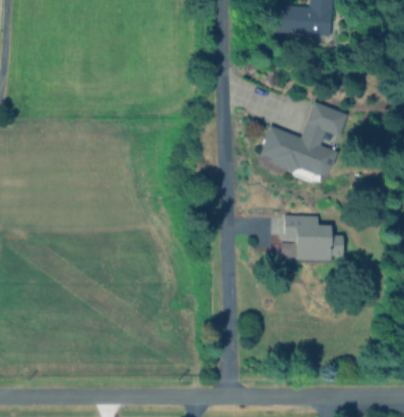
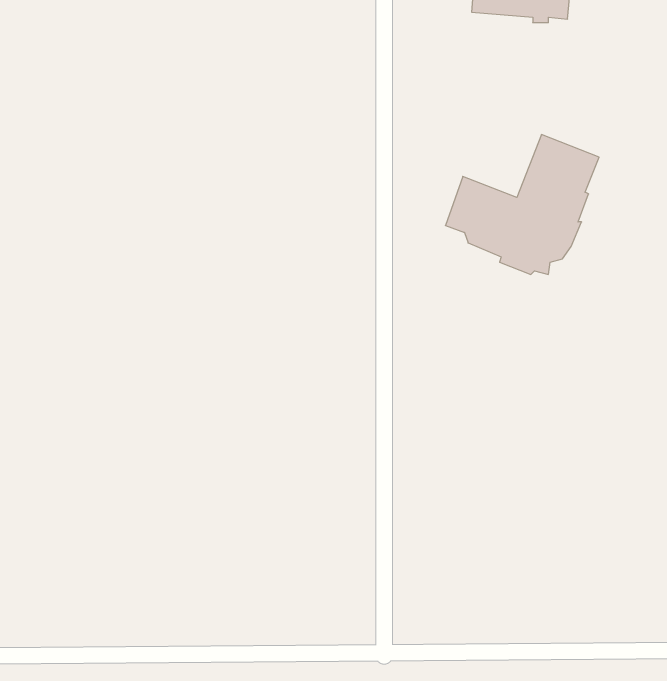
building: [280,215,343,262] -> none

